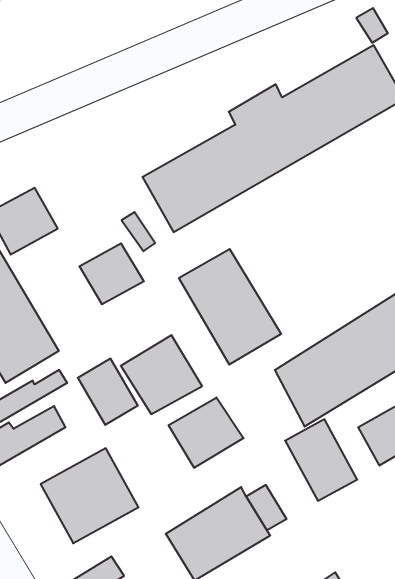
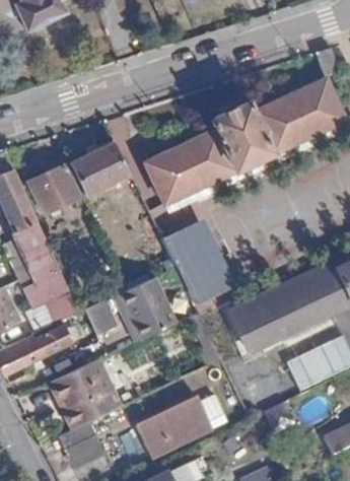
building: [79,243,144,304] -> [71,145,118,189]
building: [169,397,244,468] -> none

